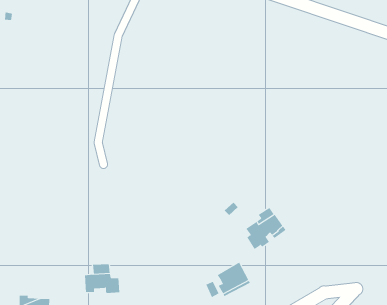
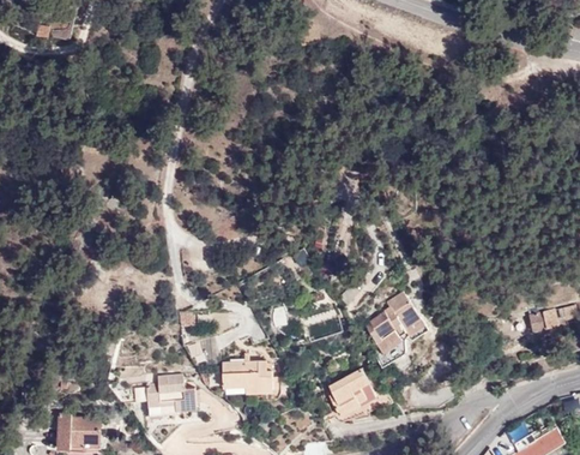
building: none -> [527,306,557,333]
building: none -> [222,361,273,393]

